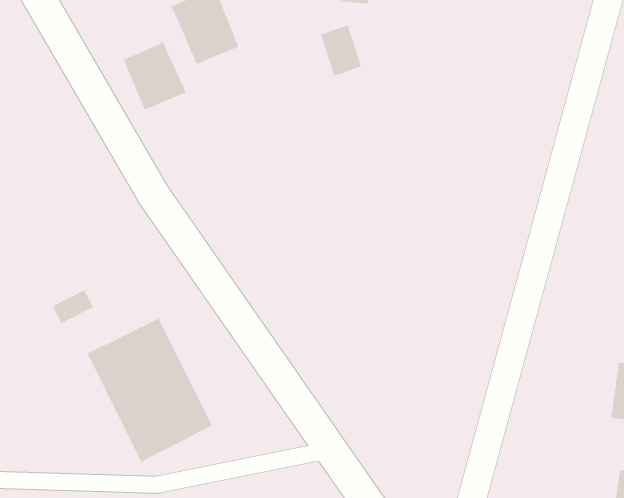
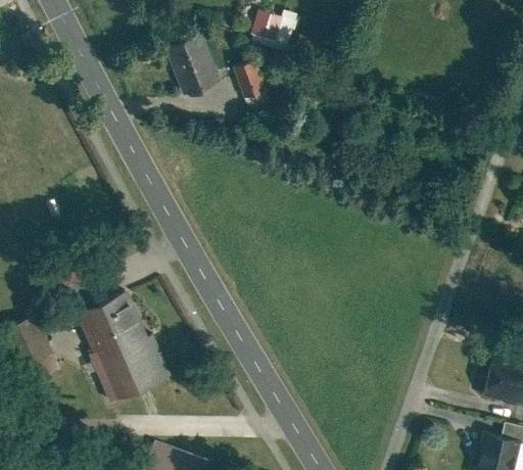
building: [320,24,362,77] -> [231,62,262,102]
building: [123,42,186,110] -> none

